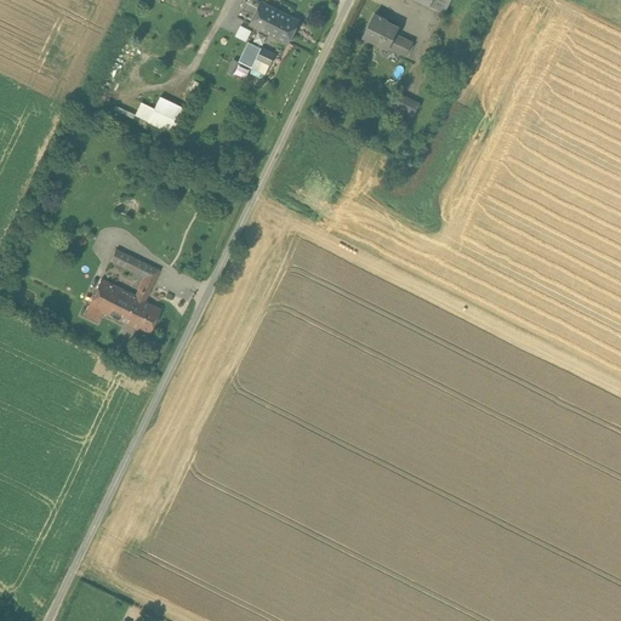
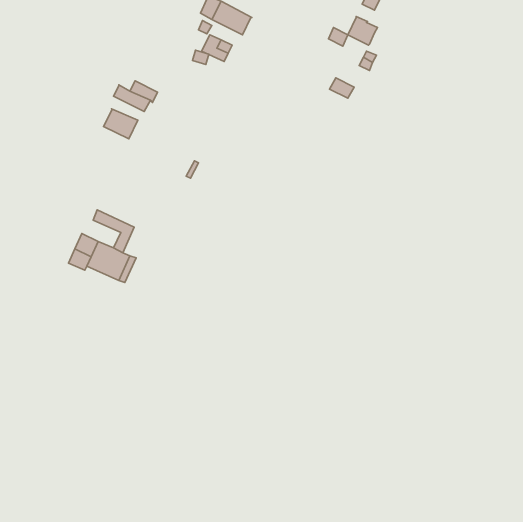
building: [364,13,399,47] -> [348,16,378,45]
building: none -> [103,109,138,139]

